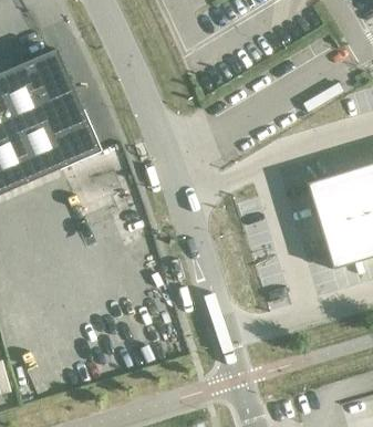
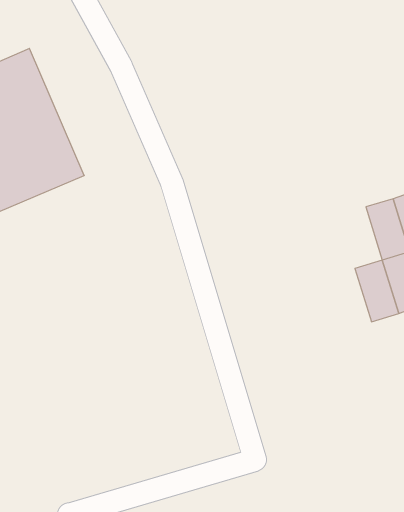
building: [305,176,341,226] -> none

